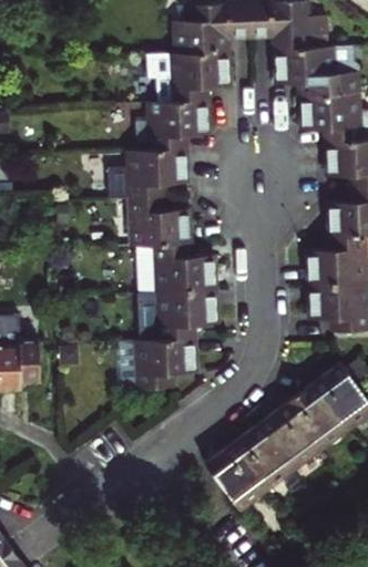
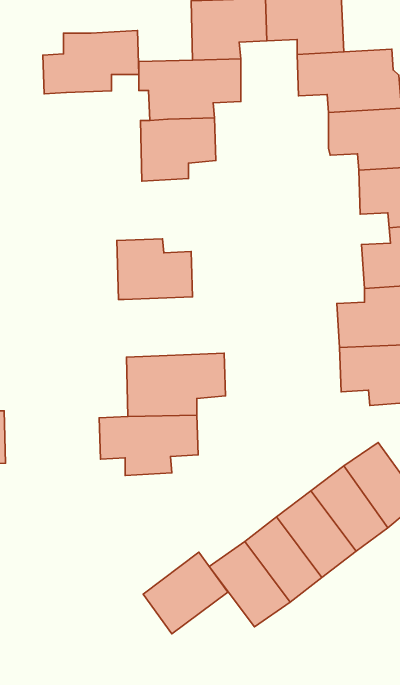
building: [110,150,187,200] -> [43,30,139,94]
building: [134,245,215,293] -> none
building: none -> [143,552,228,634]

